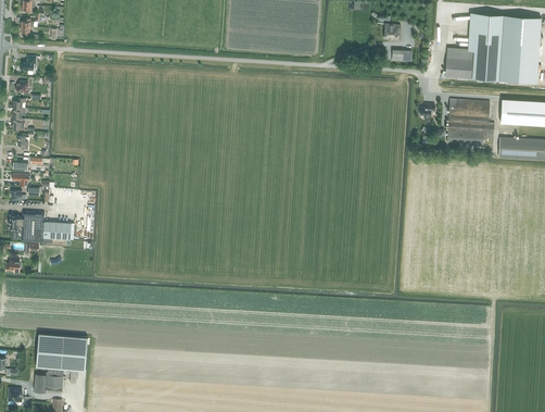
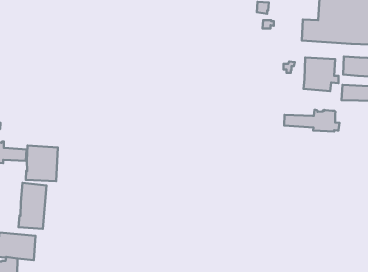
building: none -> [284,110,339,132]
building: none -> [26,145,58,181]
building: none -> [19,183,46,229]

